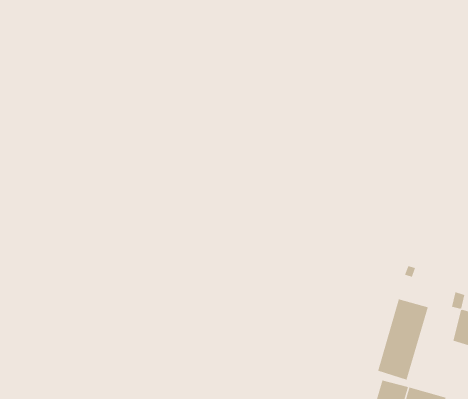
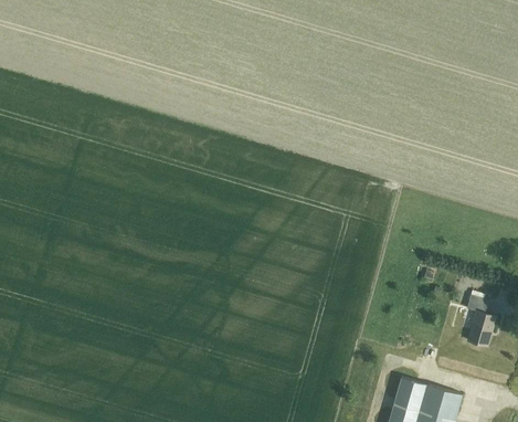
building: [377,298,428,381] -> none

